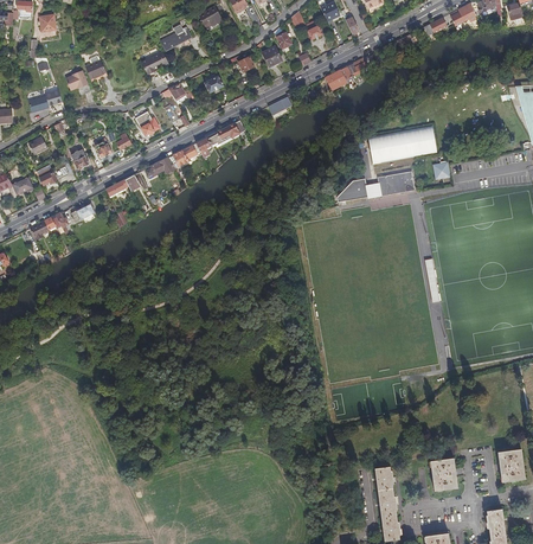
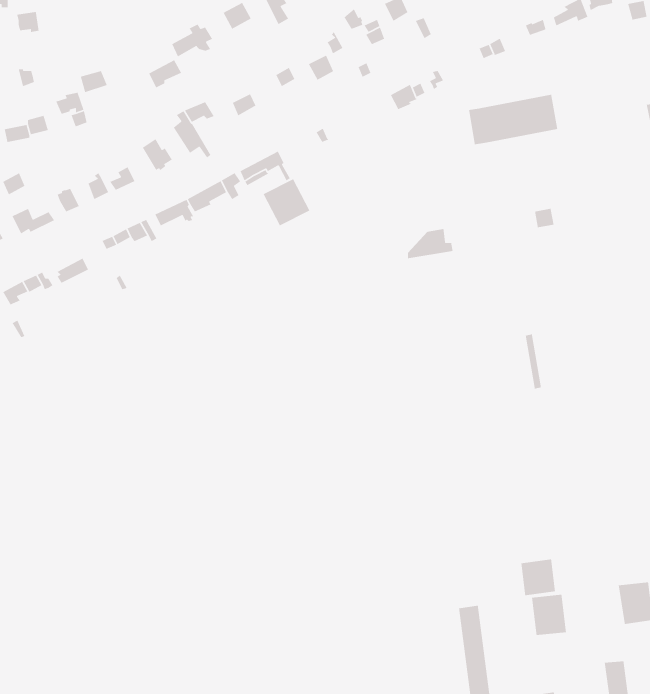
building: [368,126,437,165] -> [468,94,558,145]
building: none -> [263,178,310,226]
building: [378,172,416,197] -> none
building: none -> [520,558,556,596]

